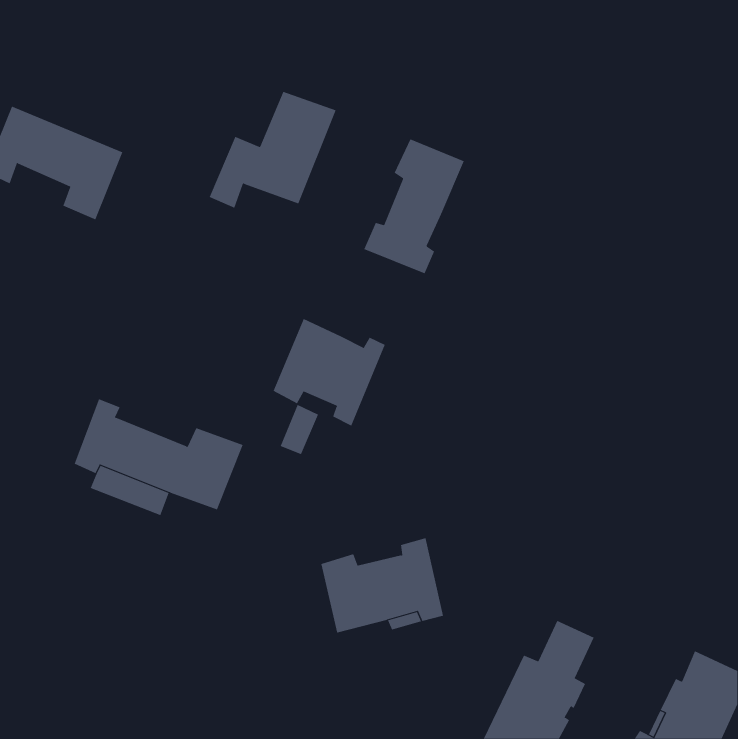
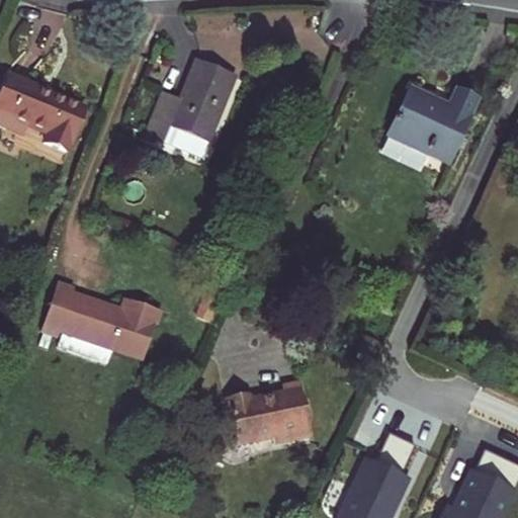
building: none -> [378,95,464,169]
building: [363,138,465,274] -> none
building: none -> [164,128,208,162]
building: [273,318,386,427] -> none

